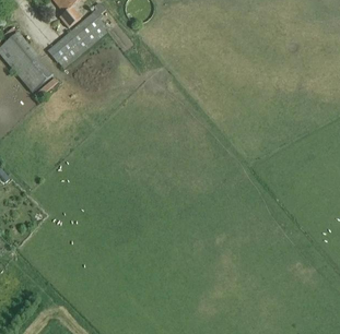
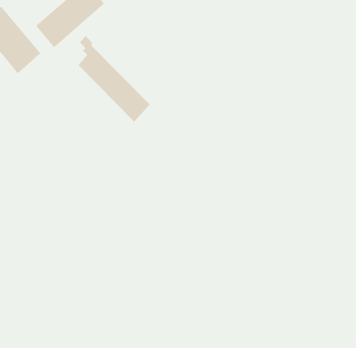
building: none -> [78,35,151,122]

